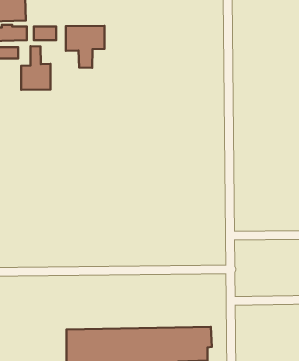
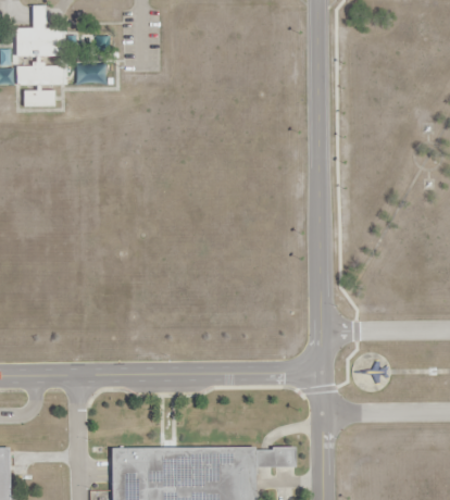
building: [66,26,105,68] -> none
building: [21,46,51,90] -> none

